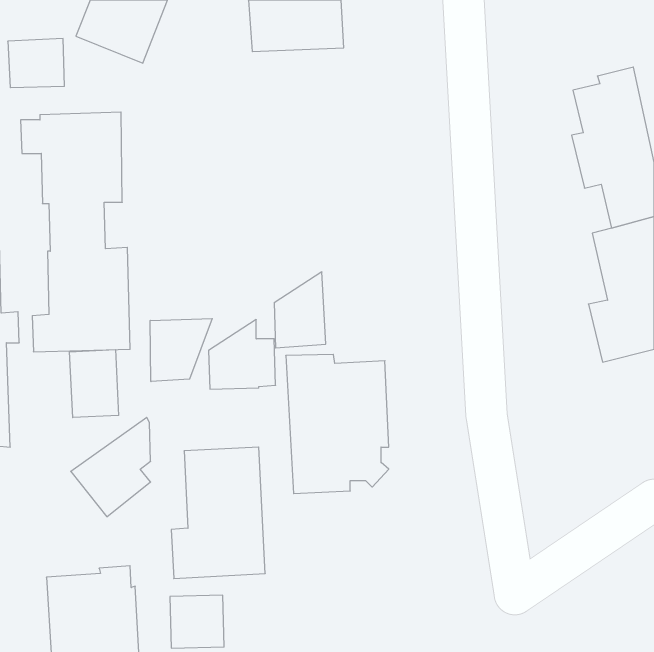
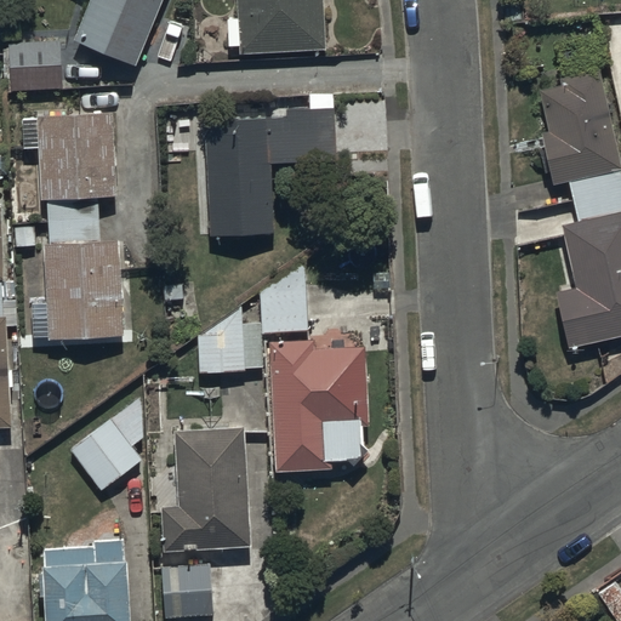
building: none -> [205,107,336,234]
building: [150,319,212,382] -> none
building: [70,350,119,418] -> none

